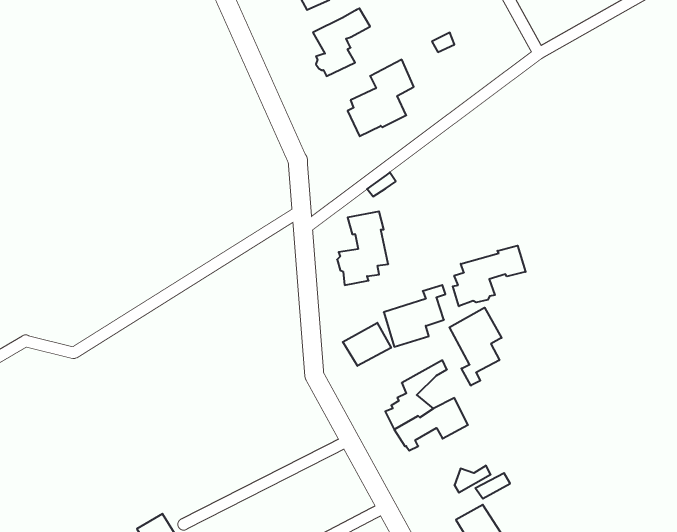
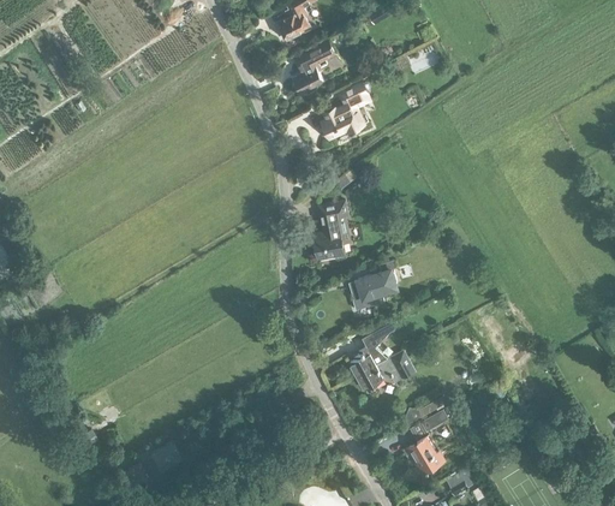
building: [453,246,526,306] -> none
building: [449,308,502,386] -> none
building: [343,323,391,366] -> none

